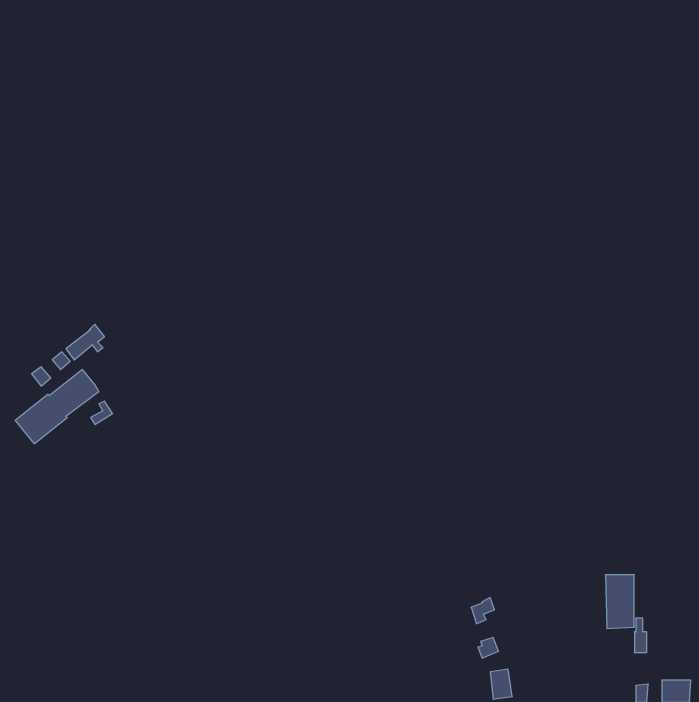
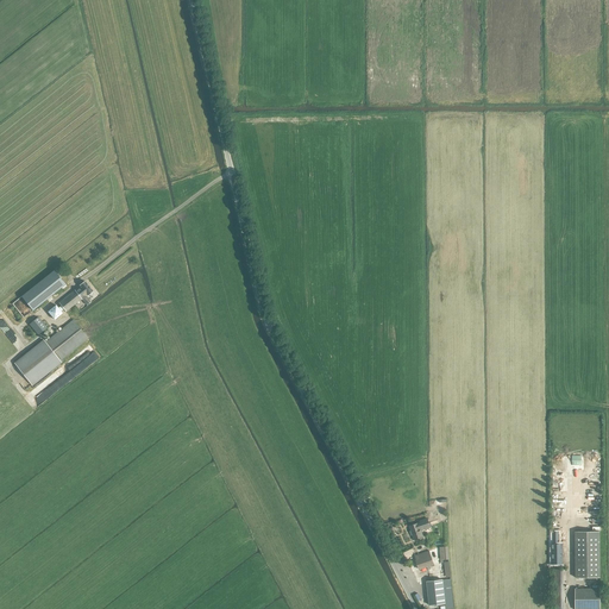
building: none -> [19,270,63,310]
building: [605,575,634,628] -> [572,532,597,578]

